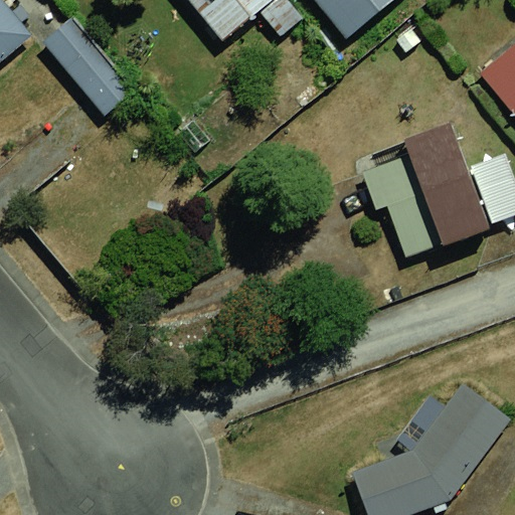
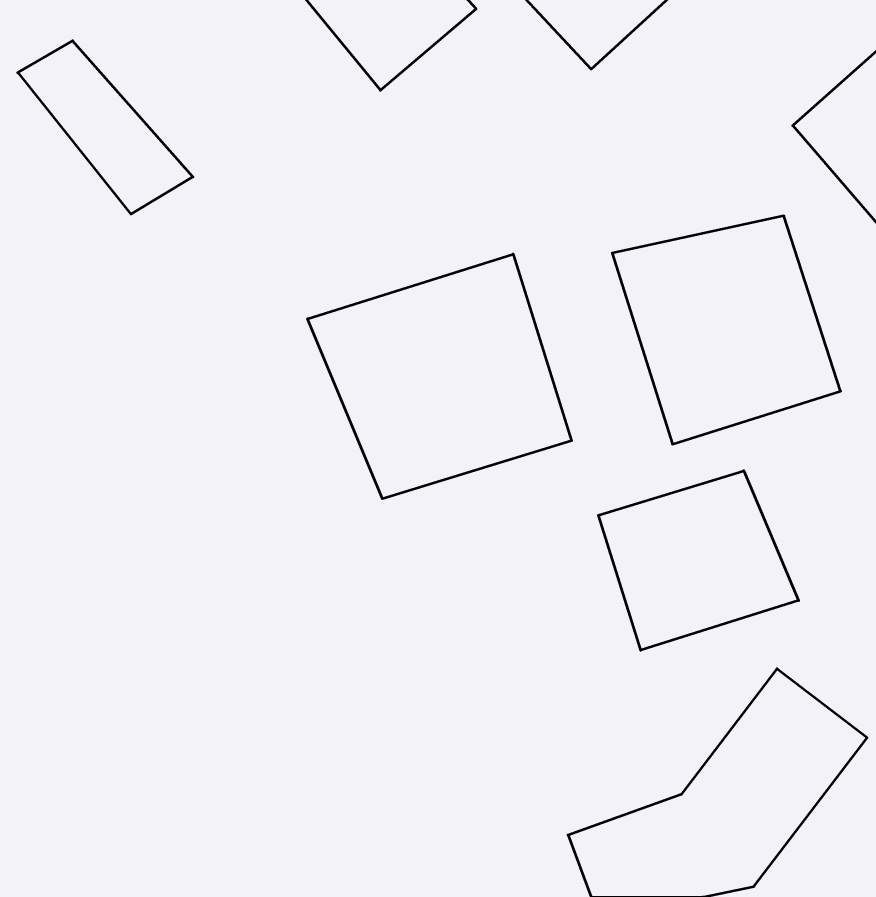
building: none -> [308,254,572,499]
building: none -> [598,471,799,650]

